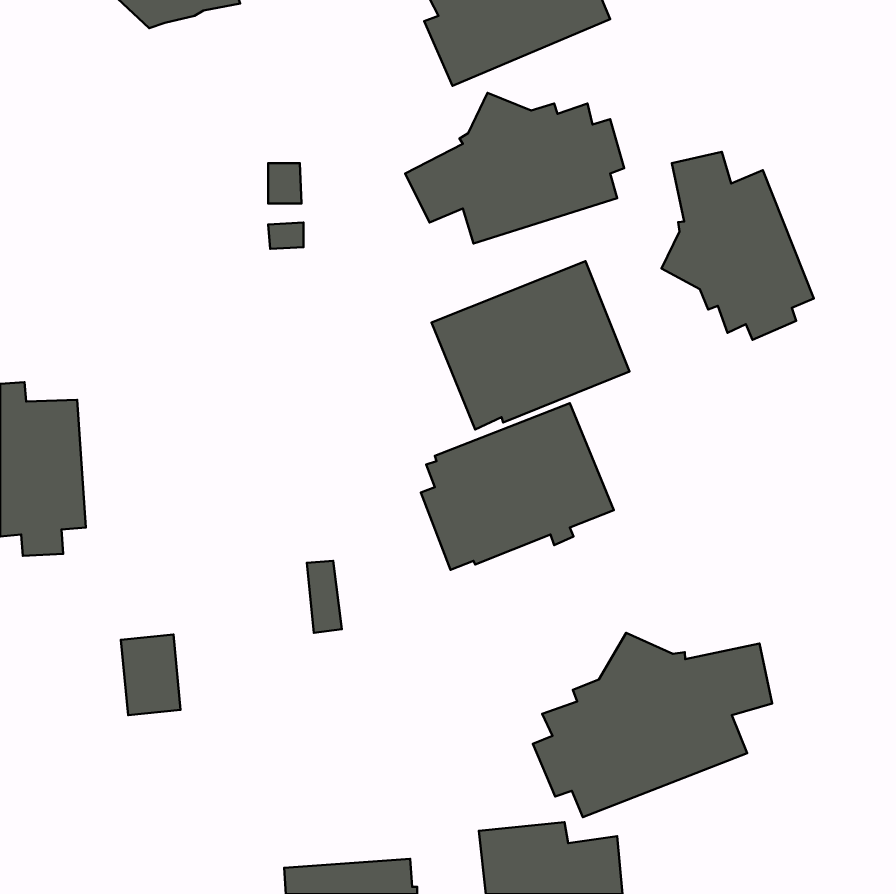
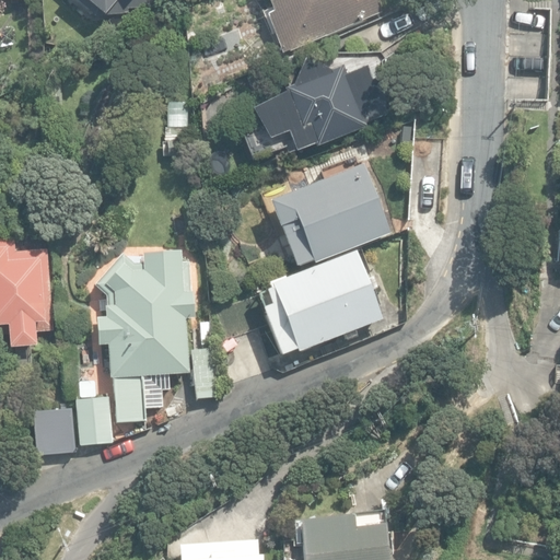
building: [661,152,814,340] -> none
building: none -> [93,250,194,422]
building: [533,633,772,817] -> none
building: none -> [32,407,75,454]

